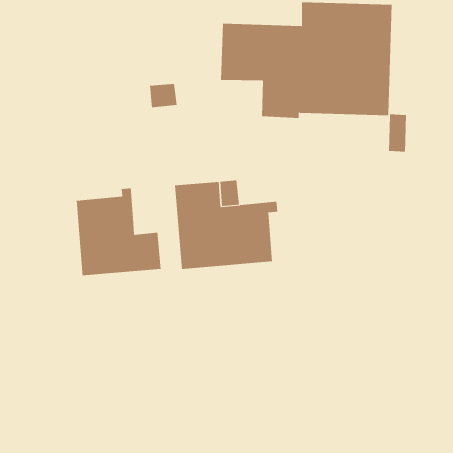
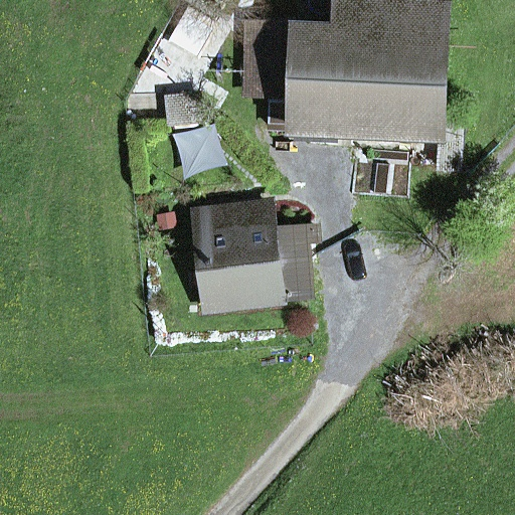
building: [76,188,161,276] -> none

